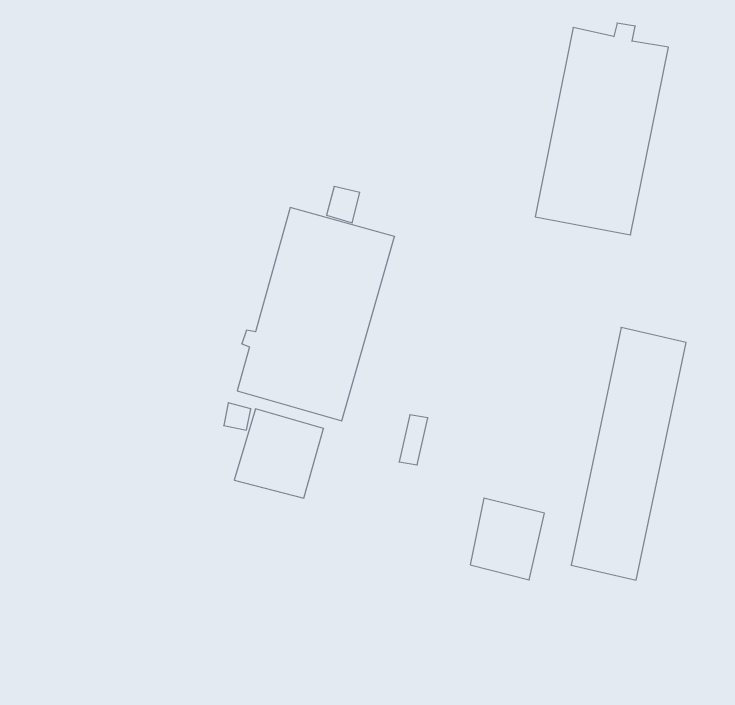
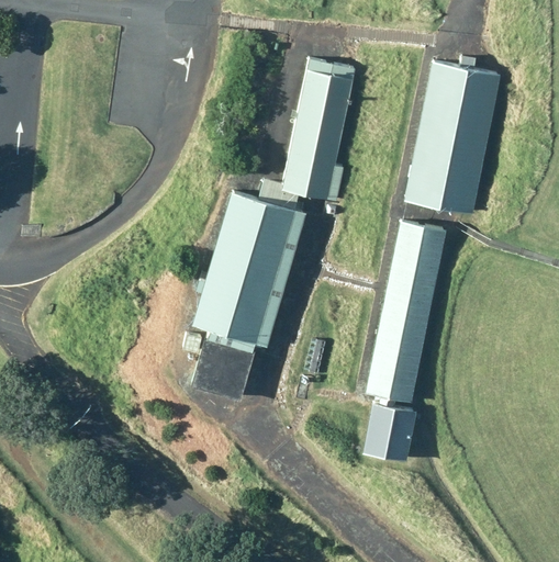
building: none -> [279,58,353,202]
building: [571,327,686,580] -> [367,223,450,406]

